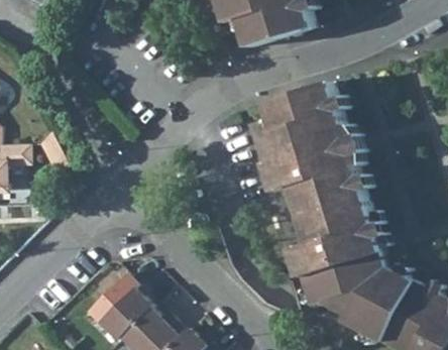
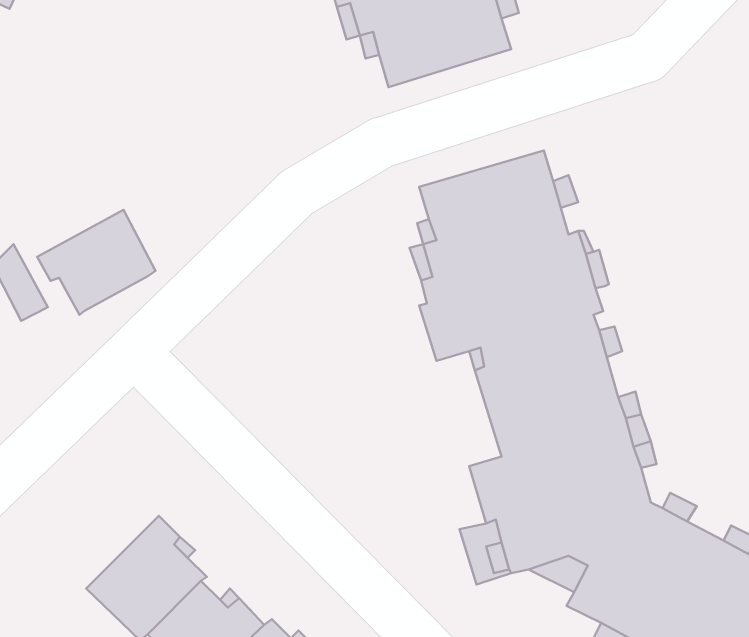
building: none -> [37,210,155,315]

